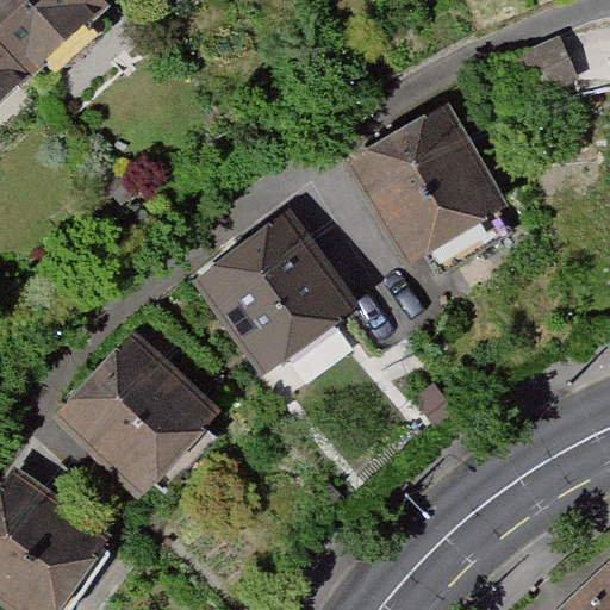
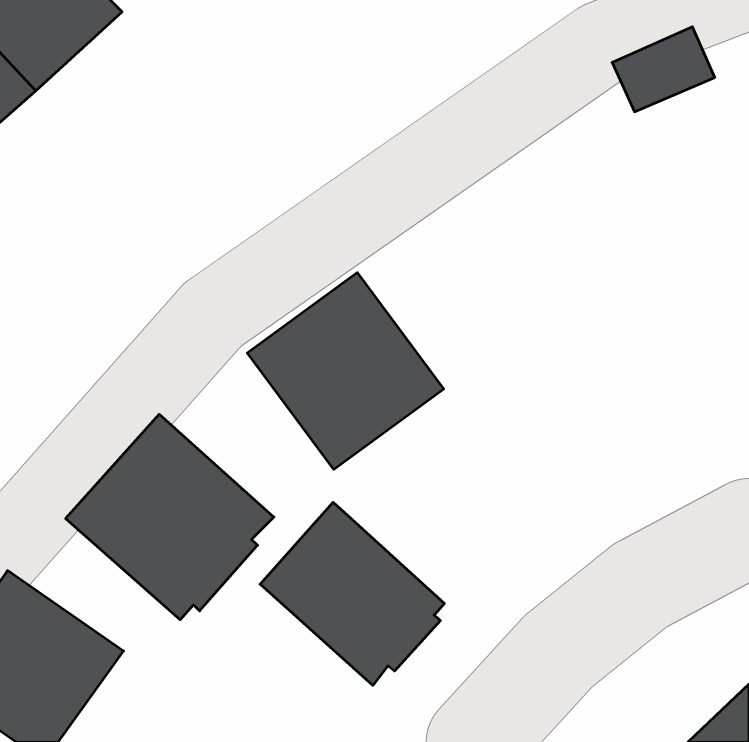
building: [355,107,510,269] -> none
building: none -> [260,502,444,685]

